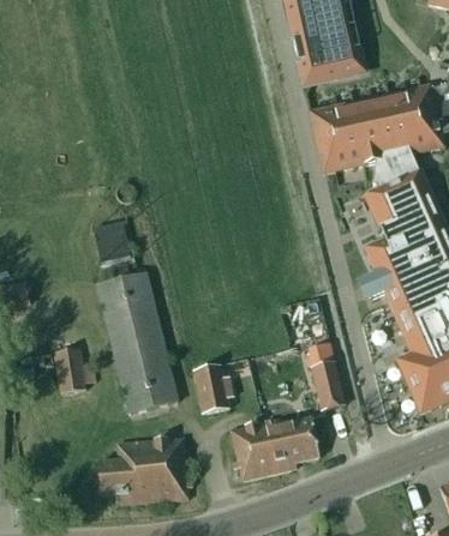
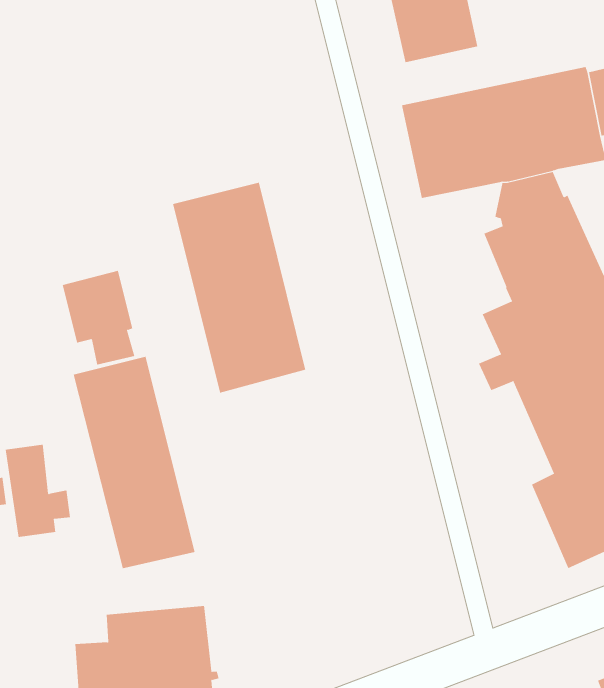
building: none -> [172,182,306,394]
building: [310,361,345,410] -> none
building: [193,366,229,412] -> none
building: [229,416,319,480] -> none

